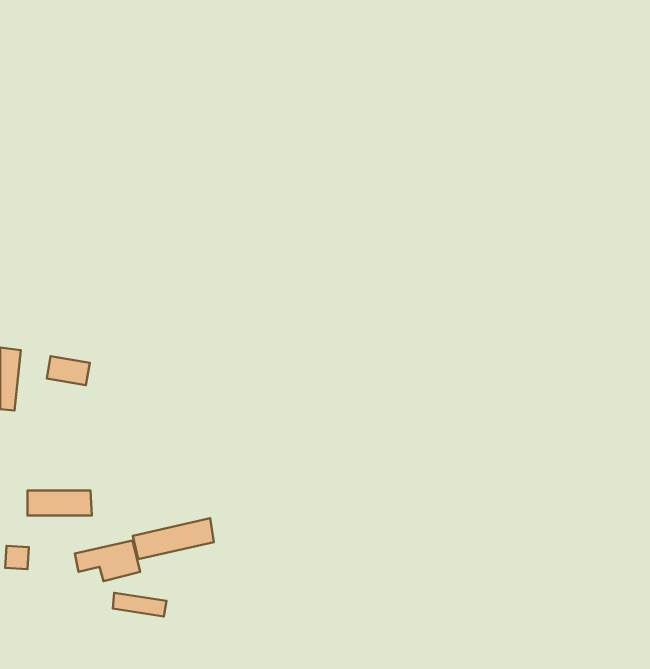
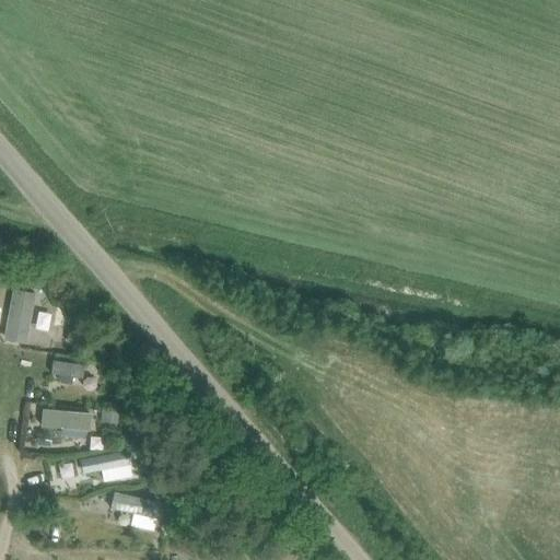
building: [47,356,90,385] -> [48,358,84,382]
building: [133,518,214,559] -> none

